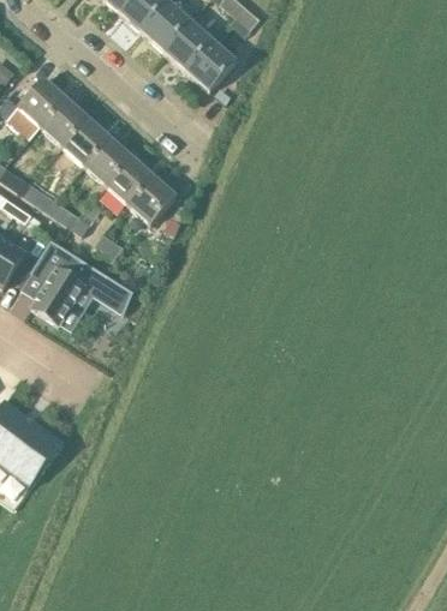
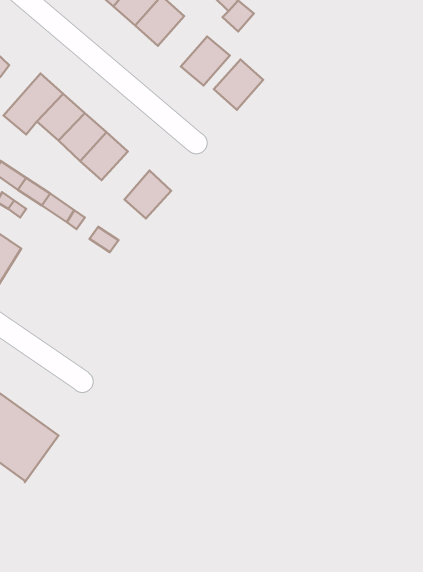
building: [162,22,211,72] -> [214,59,263,110]
building: [106,157,154,205] -> none
building: [30,240,132,330] -> none

